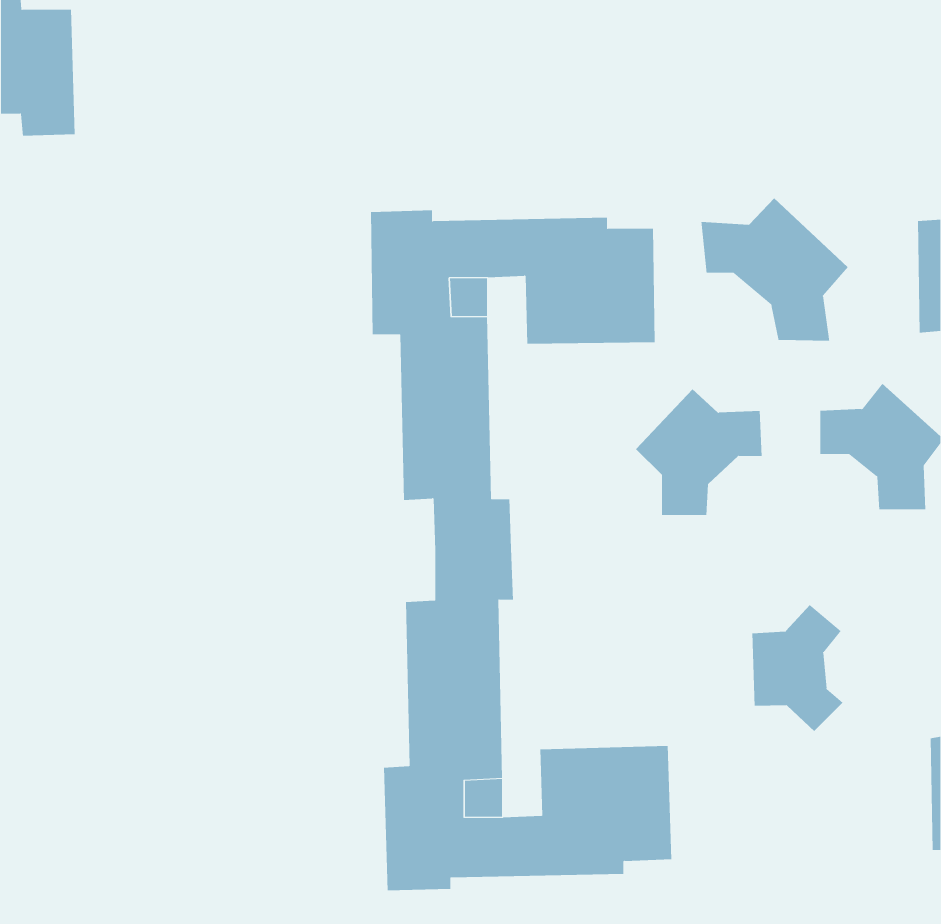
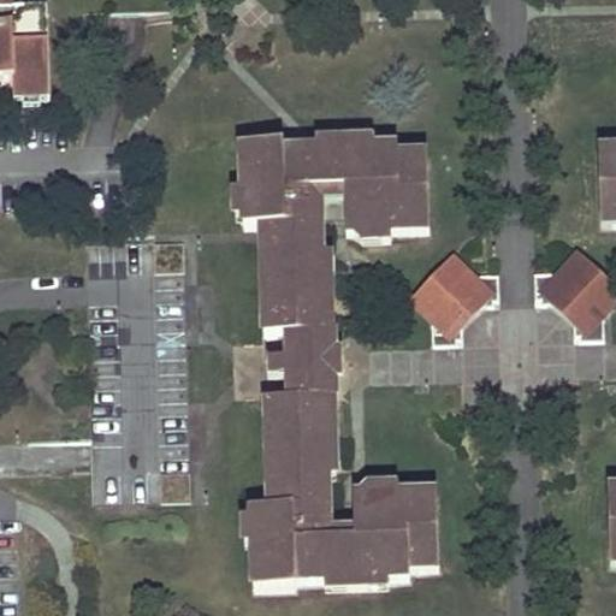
building: [701,198,848,342] -> none
building: [752,604,844,732] -> none

